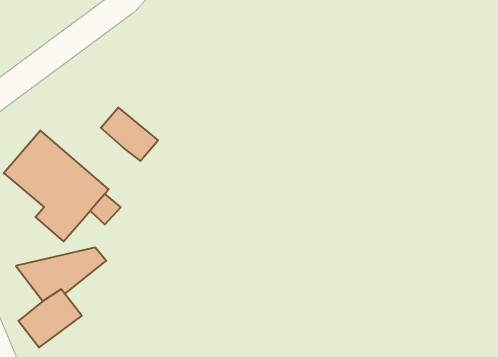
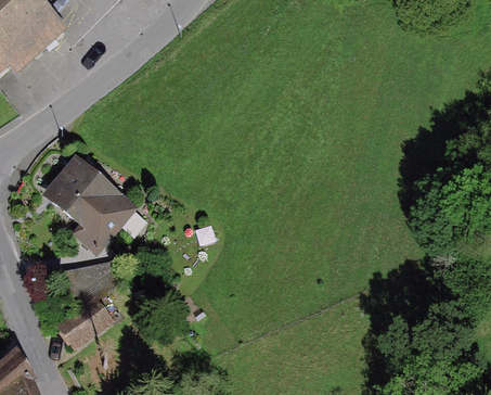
building: [101,107,158,161] -> none

